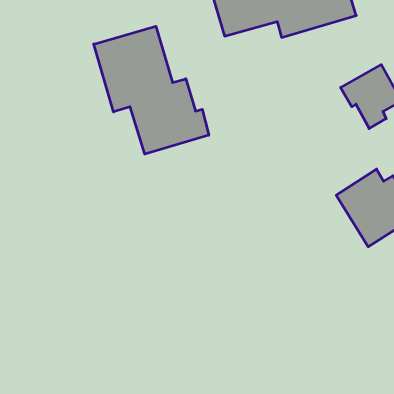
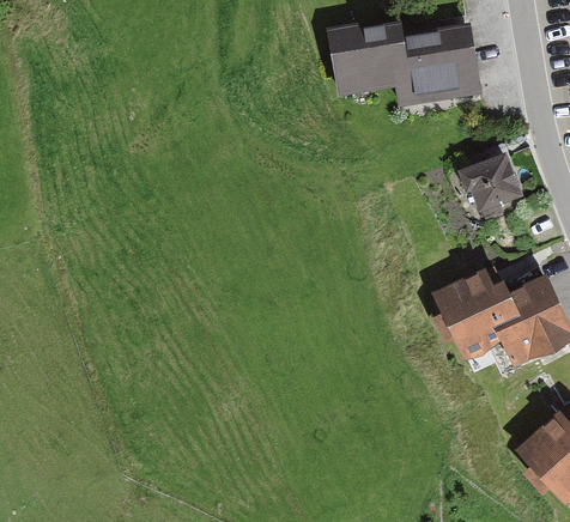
building: [94,26,209,154] -> none

